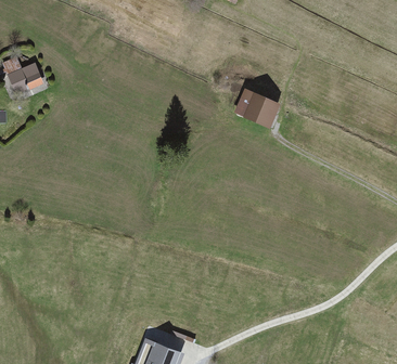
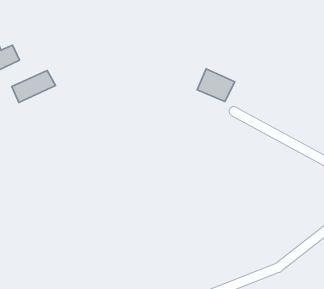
building: none -> [12,70,56,103]

